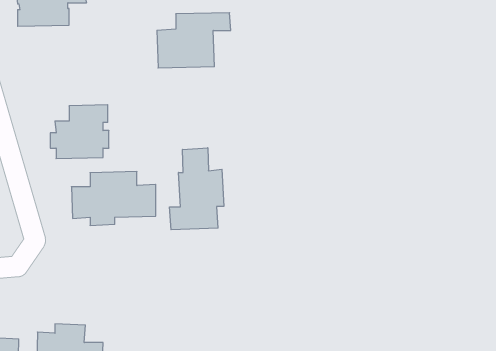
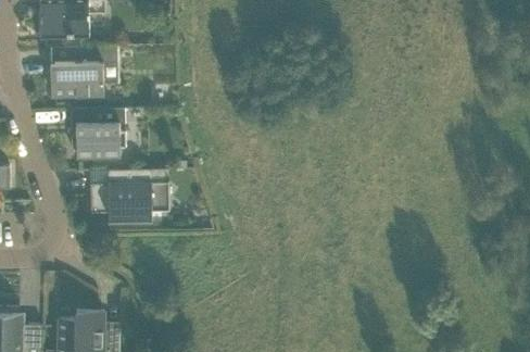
building: [157,13,231,68] -> [49,48,117,99]
building: [170,148,224,230] -> none

